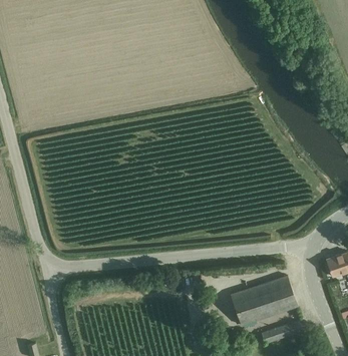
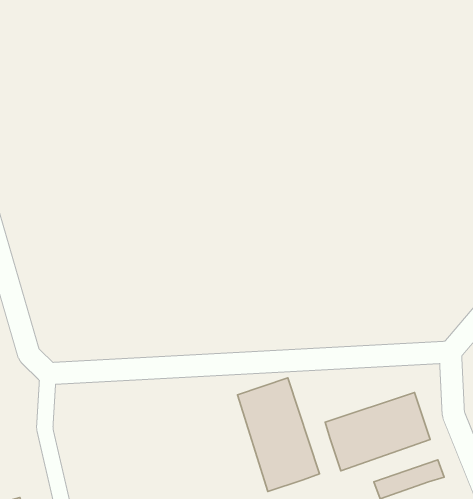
building: none -> [237,378,320,492]

